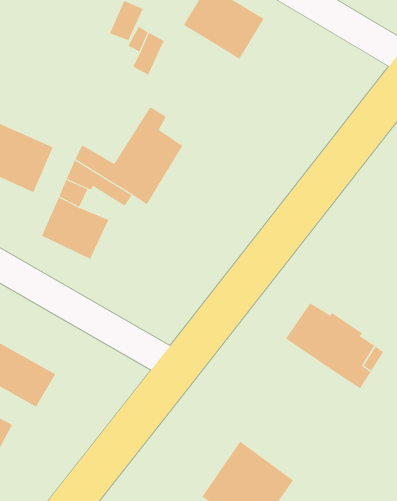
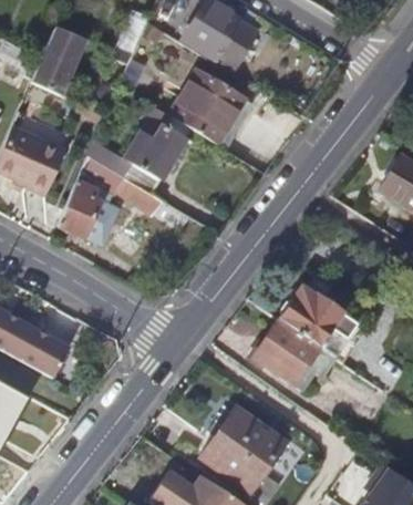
building: none -> [35,22,87,93]
building: none -> [168,71,252,152]
building: none -> [249,317,318,384]

